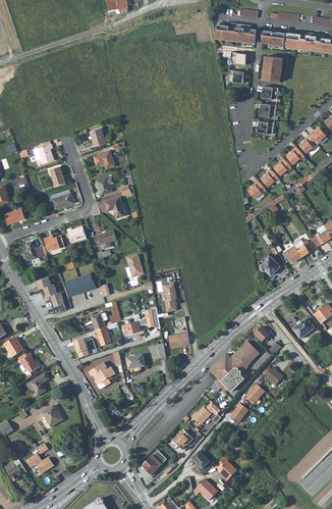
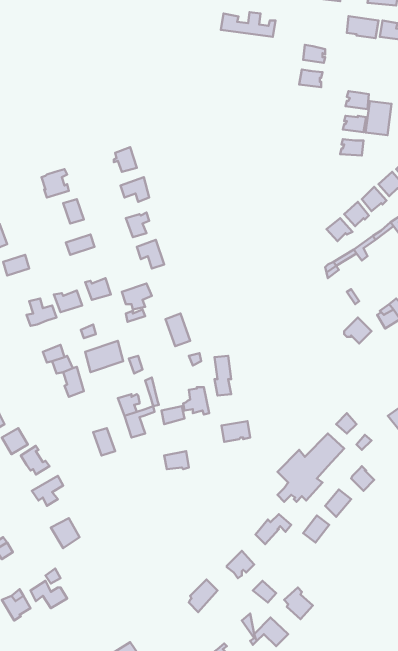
building: [215,22,256,41] -> [221,12,275,37]
building: [263,56,282,82] -> [366,101,391,135]
building: [87,363,114,390] -> none

